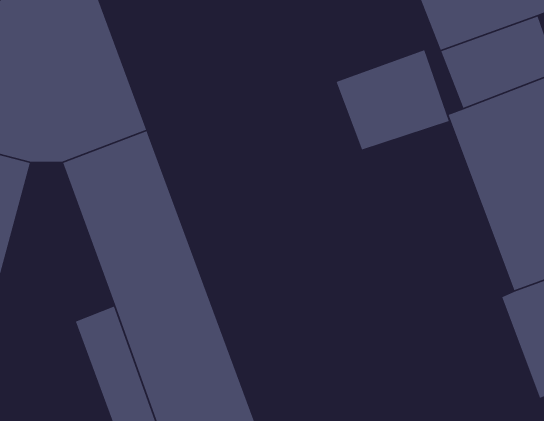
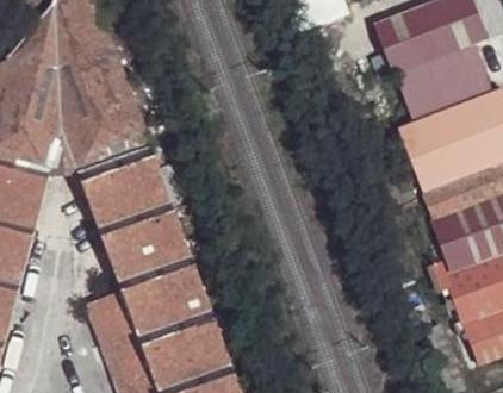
building: [336,49,450,151] -> none

